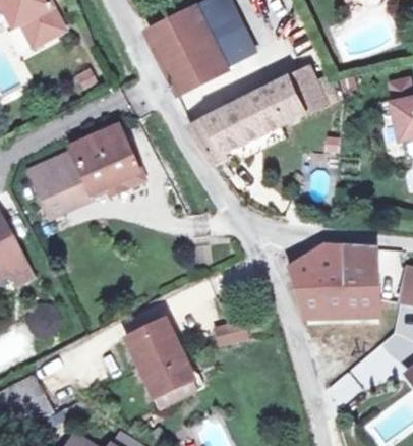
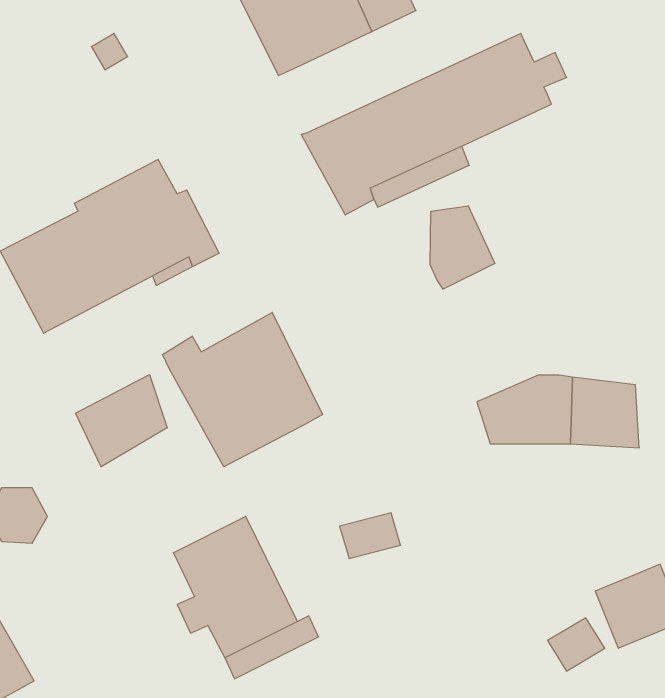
building: none -> [430,206,495,289]
building: none -> [162,312,323,467]
building: none -> [76,375,167,467]
building: [294,282,374,315] -> none

